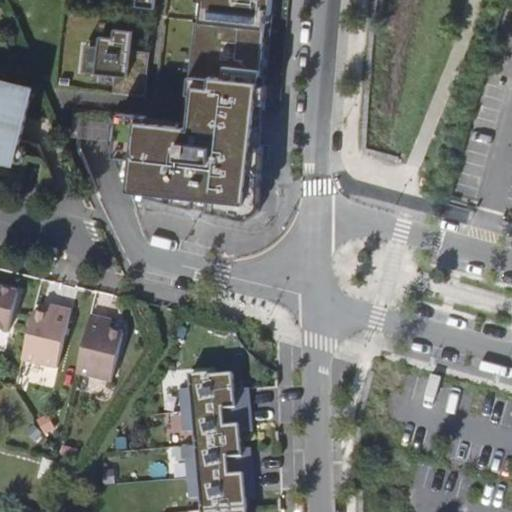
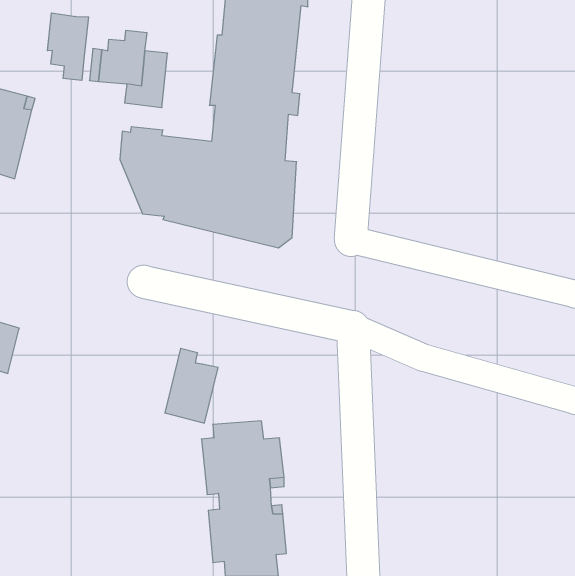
building: none -> [47,13,89,80]
building: [21,305,70,365] -> none
building: [75,313,122,379] -> [165,348,218,423]

